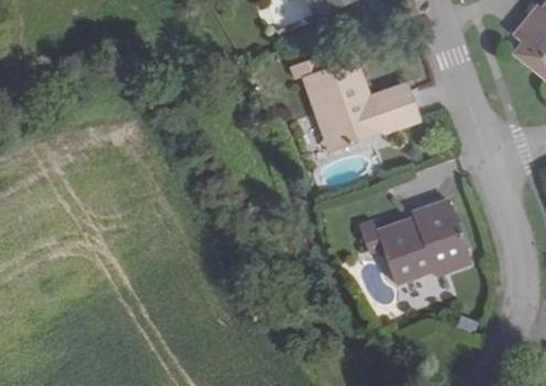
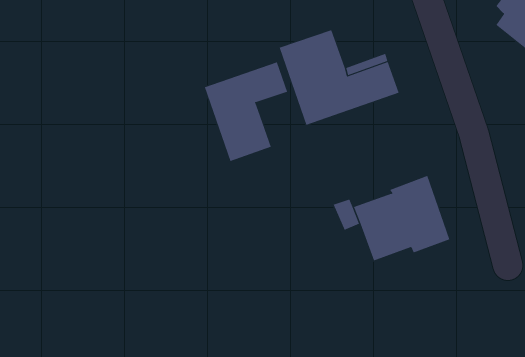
building: none -> [204,62,288,162]

